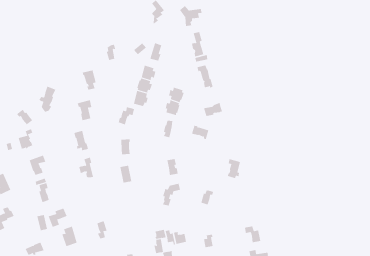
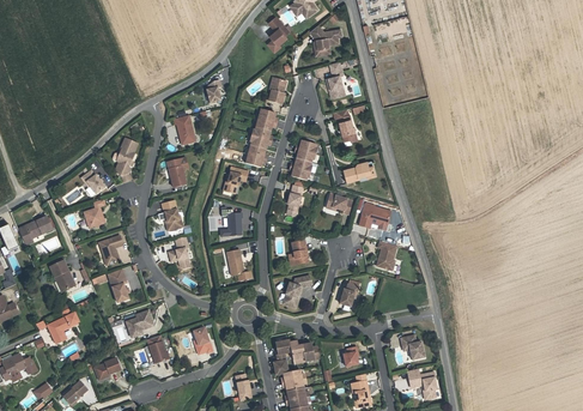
building: none -> [359,204,391,229]

